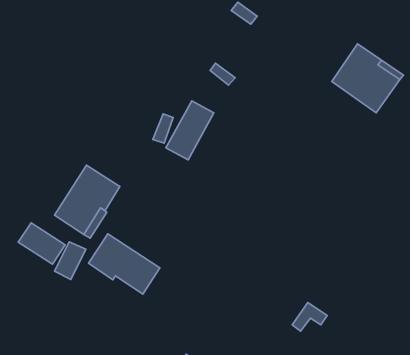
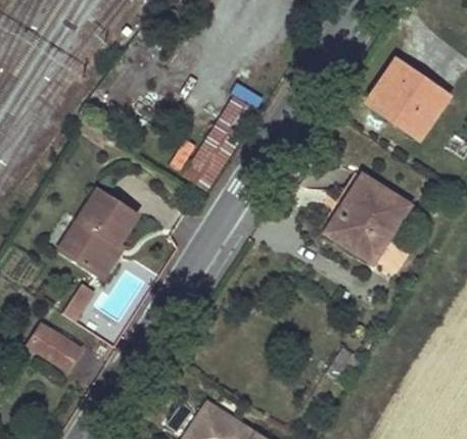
building: none -> [327,176,411,260]
building: [18,223,65,264] -> [28,323,80,369]
building: [88,234,160,294] -> none

